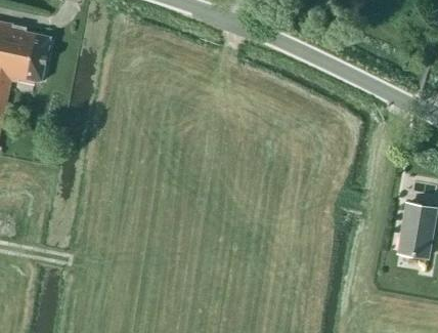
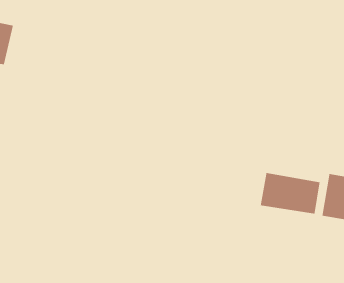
building: none -> [260,172,321,214]

